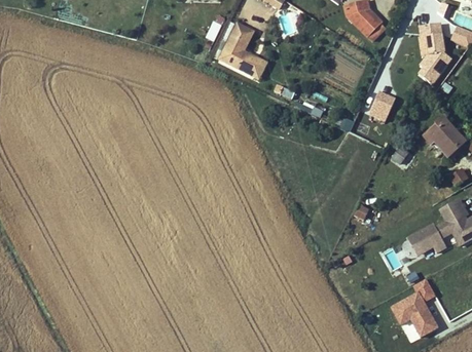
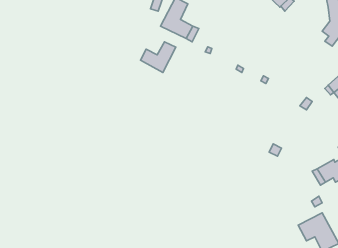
building: none -> [141,42,176,72]
building: [369,91,395,121] -> none

